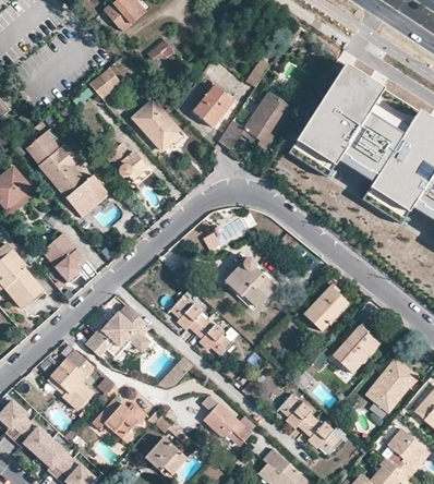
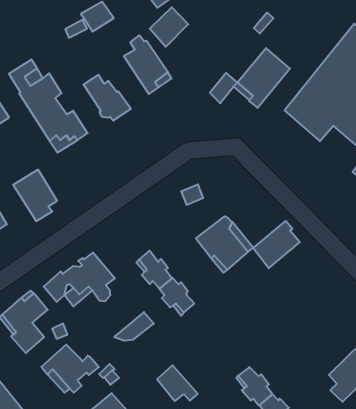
building: [194,86,230,124] -> [150,7,188,47]
building: [304,283,348,330] -> [253,221,300,268]
building: [333,325,378,372] -> none

